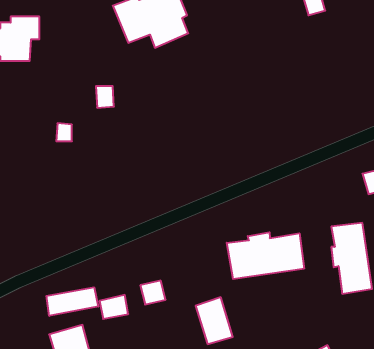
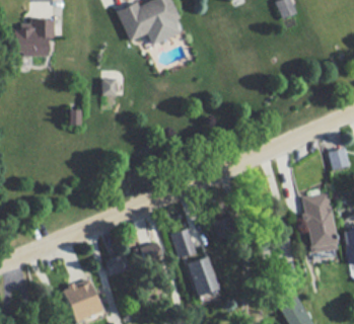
building: [227,232,304,279] -> none
building: none -> [171,229,197,258]
building: [46,287,98,316] -> none

